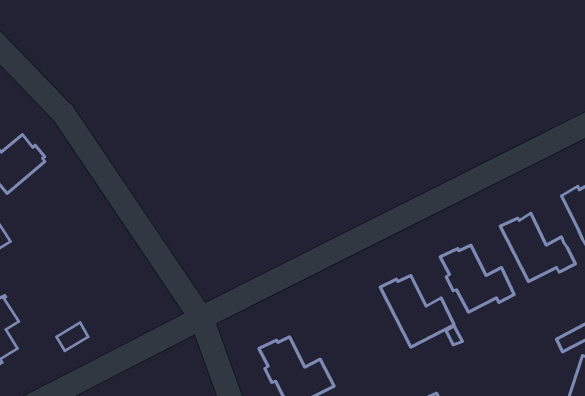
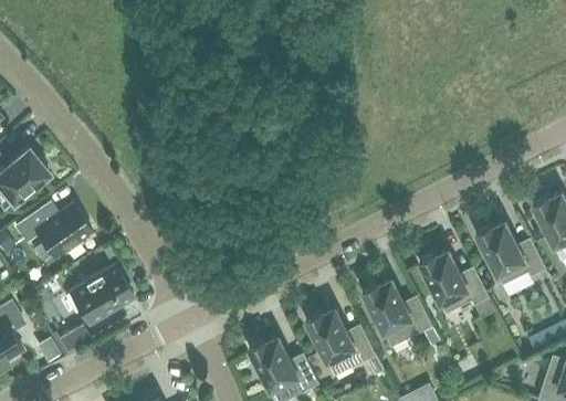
building: none -> [14,202,91,258]
building: none -> [69,265,133,324]
building: none -> [305,309,384,377]

